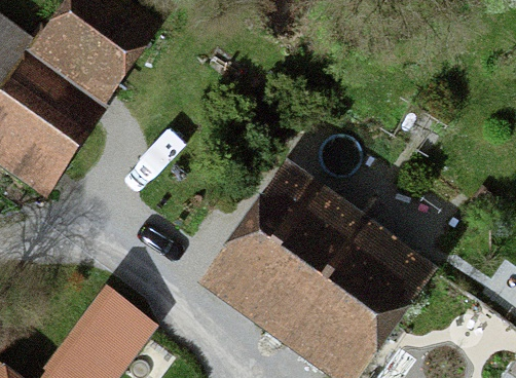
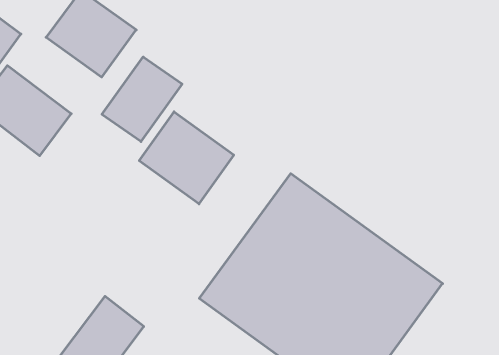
building: none -> [102,57,182,142]
building: none -> [139,112,234,204]

